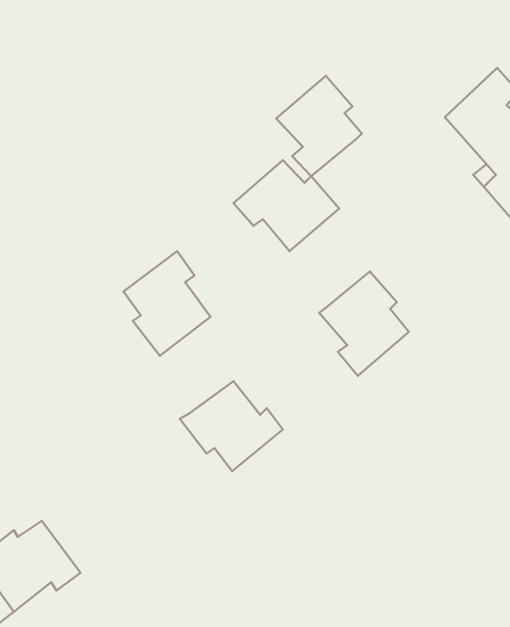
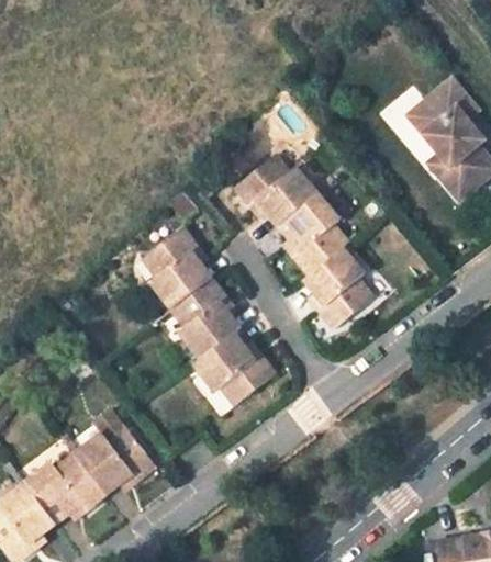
building: [276,76,362,176] -> [278,193,348,276]
building: none -> [171,282,238,361]
building: none -> [75,419,163,492]

